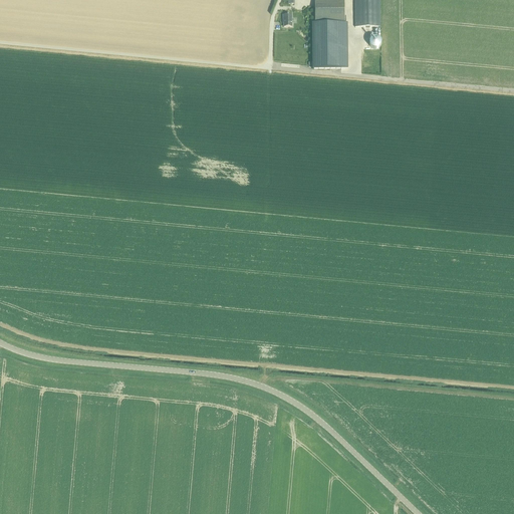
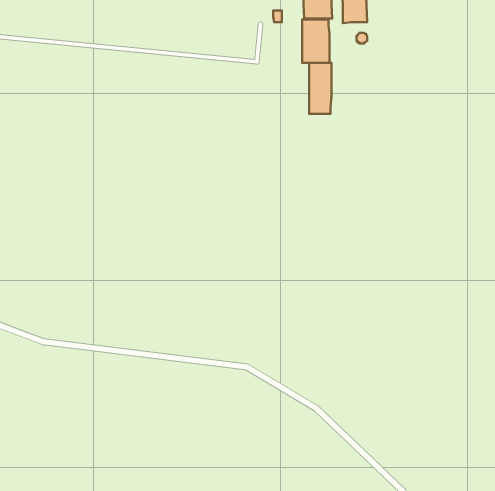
building: none -> [309,63,331,114]

